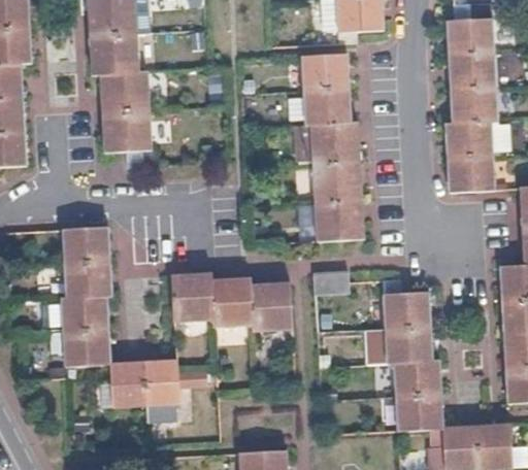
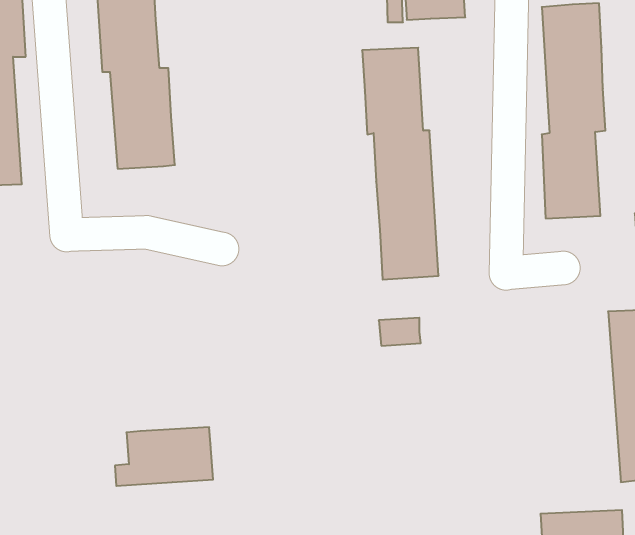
building: [39,226,110,367] -> none
building: [170,273,293,332] -> none
building: [384,293,444,432] -> none

